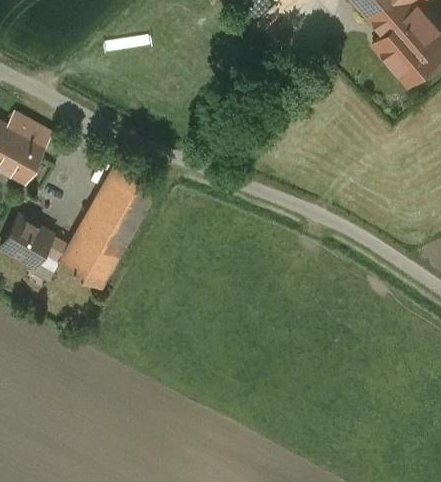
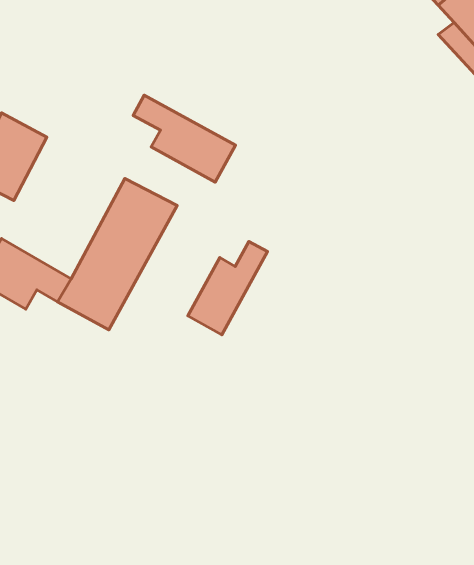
building: none -> [133,95,236,182]
building: none -> [188,241,267,335]

